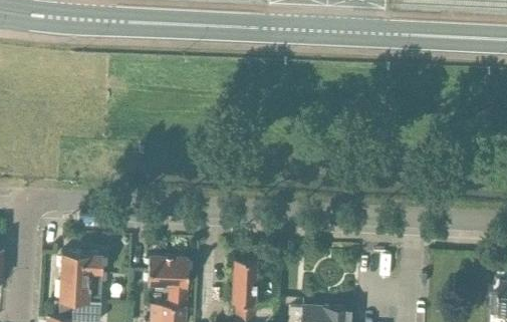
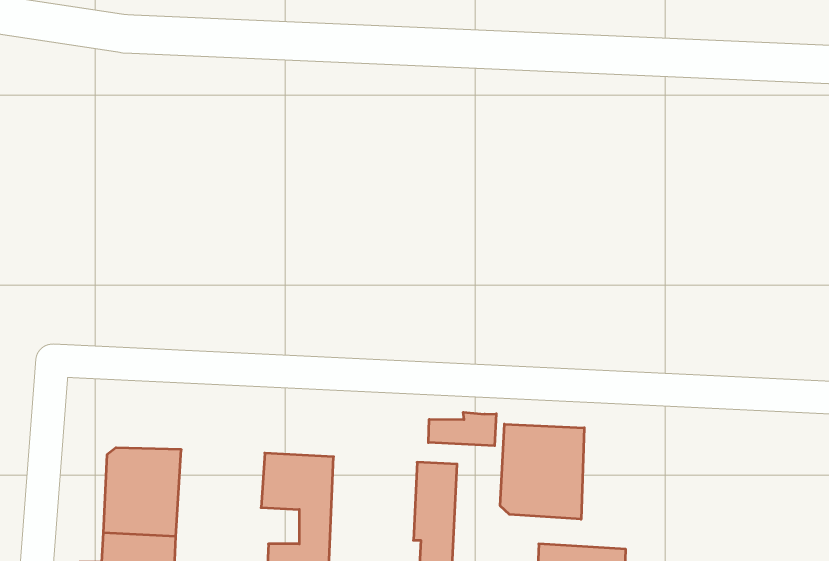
building: none -> [428,412,496,446]
building: none -> [500,424,584,519]

